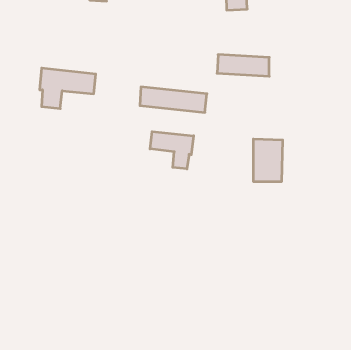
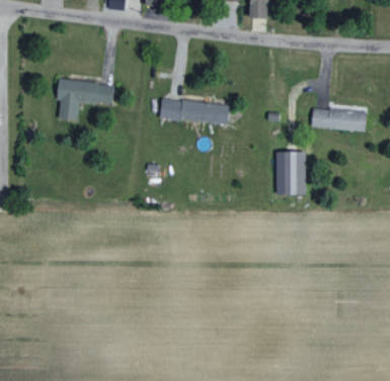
building: [217,55,269,76] -> [312,108,366,130]
building: [150,132,194,169] -> none

